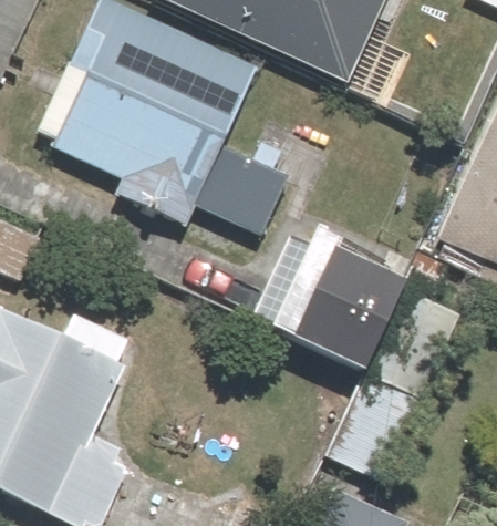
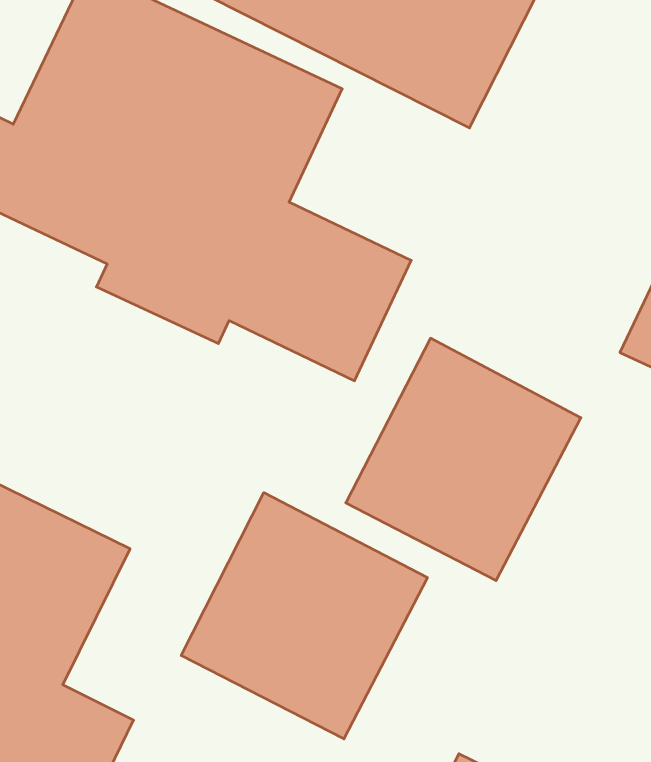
building: none -> [181,493,427,739]

